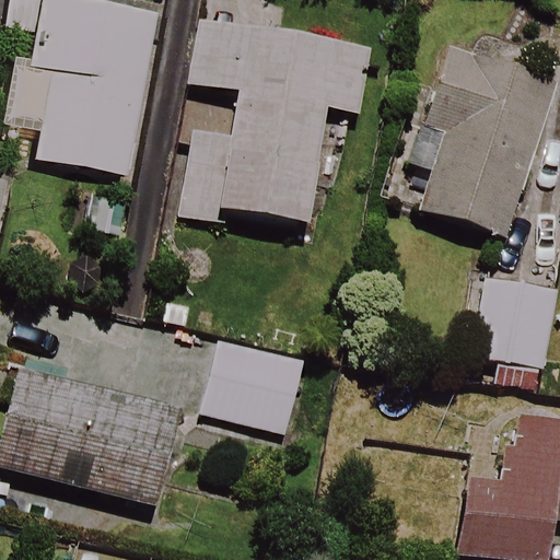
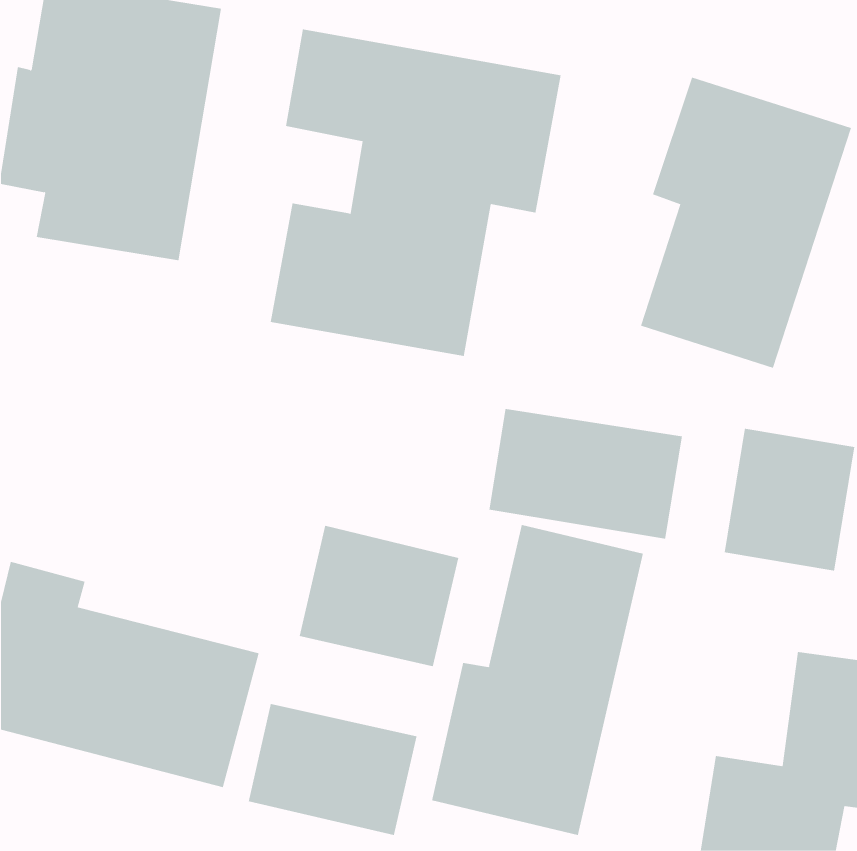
building: none -> [489,408,683,540]
building: none -> [431,524,644,836]
building: none -> [248,703,417,836]

